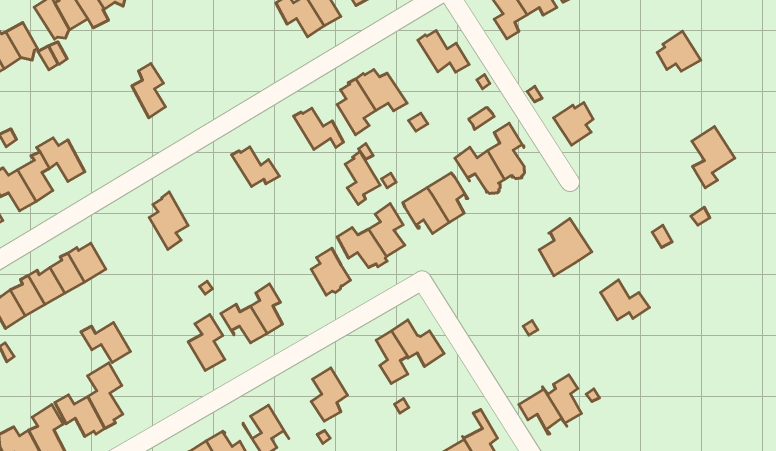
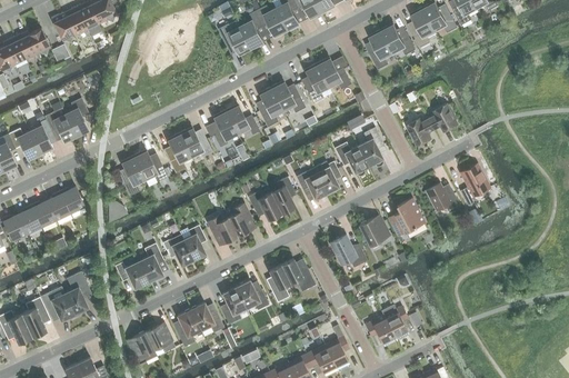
building: [657,31,701,71] -> [428,105,458,132]
building: none -> [301,64,328,103]
building: [132,64,166,118] -> [66,99,88,137]
building: [692,126,735,188] -> [459,165,489,207]
building: [345,152,380,204] -> [213,110,237,147]
building: none -> [163,133,191,172]
building: none -> [133,151,167,181]
building: none -> [359,216,389,246]
building: none -> [207,217,237,246]
building: [600,280,650,320] -> [426,183,459,211]
building: none -> [329,236,367,268]
building: [81,323,130,363] -> [114,261,148,289]
building: none -> [236,281,268,310]
building: none -> [190,304,222,335]

